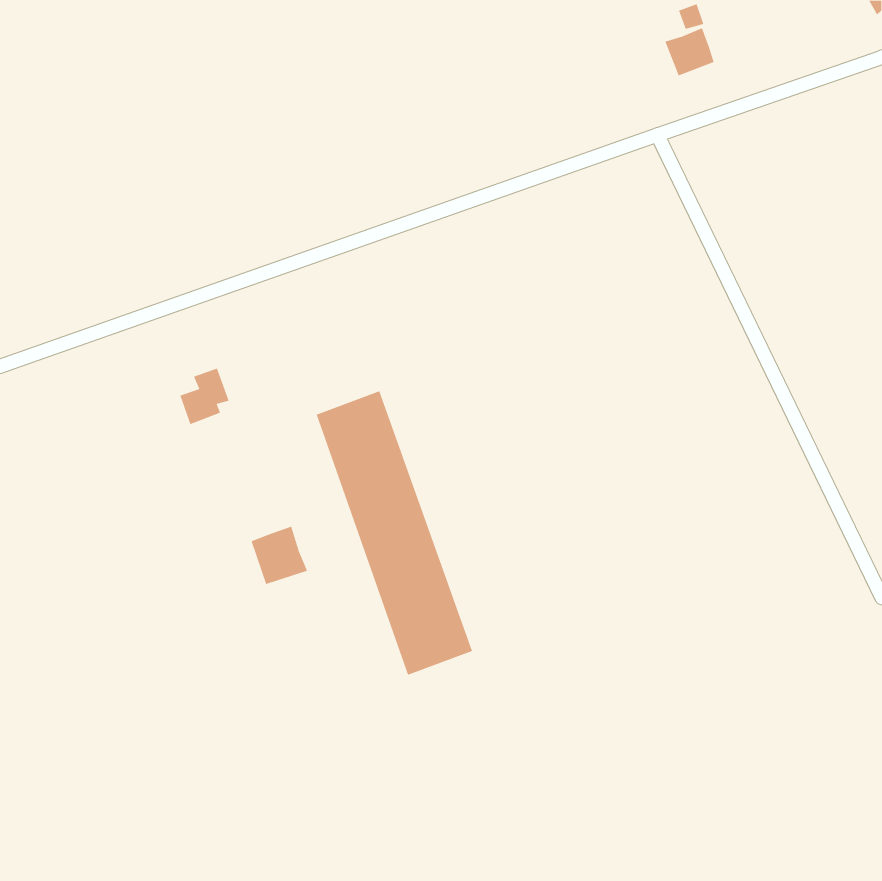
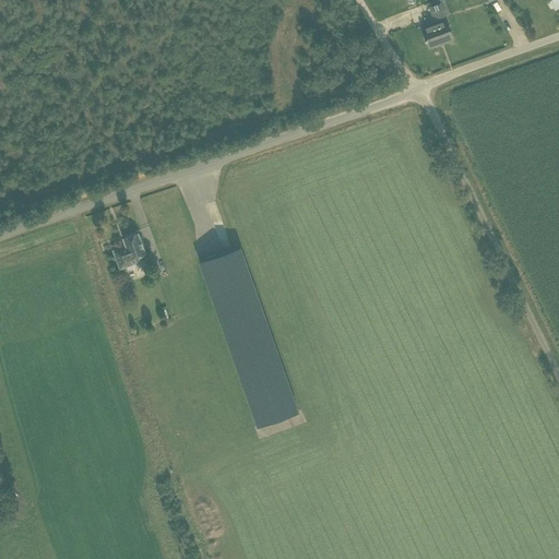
building: [251,526,308,585] -> none

